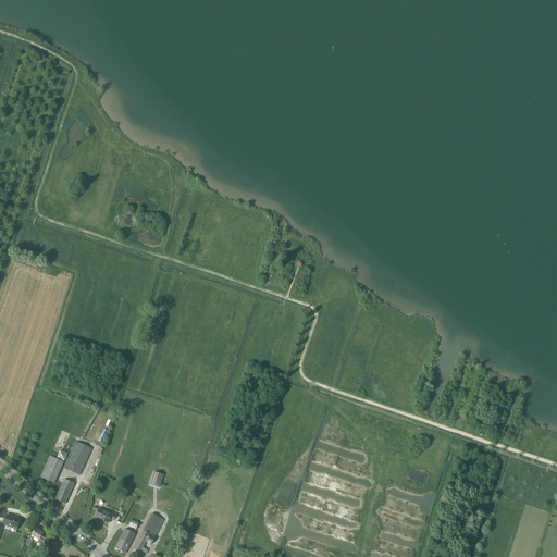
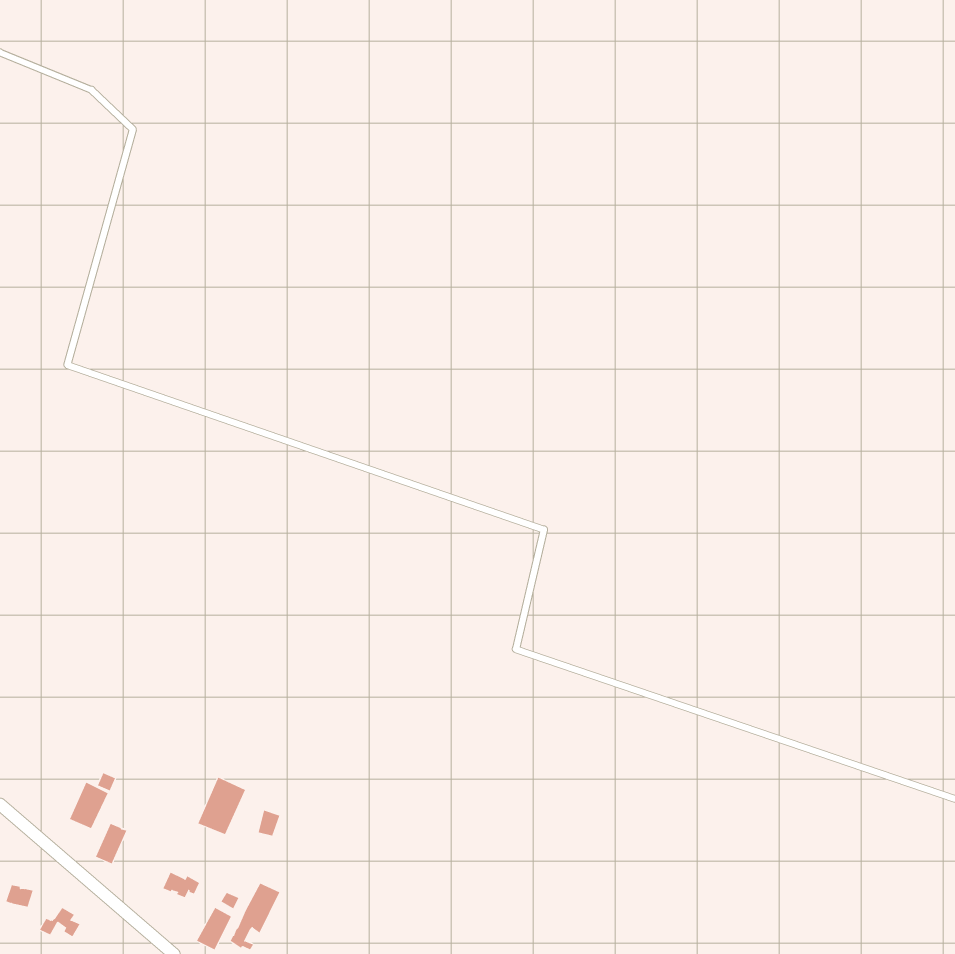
building: [63,441,91,474] -> [197,777,246,835]

